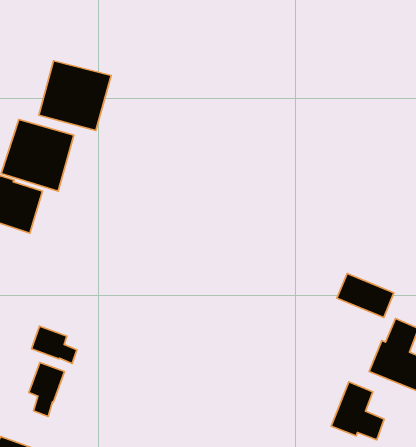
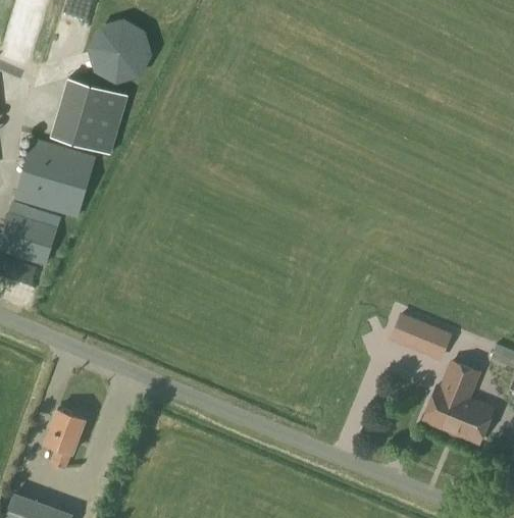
building: none -> [86,19,151,85]
building: [31,326,77,363] -> none
building: [331,382,384,440] -> none

